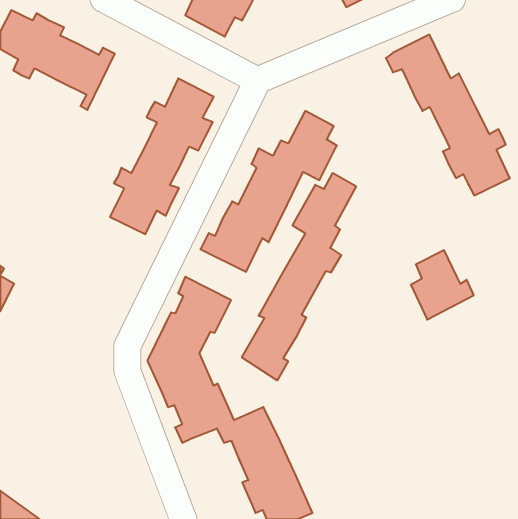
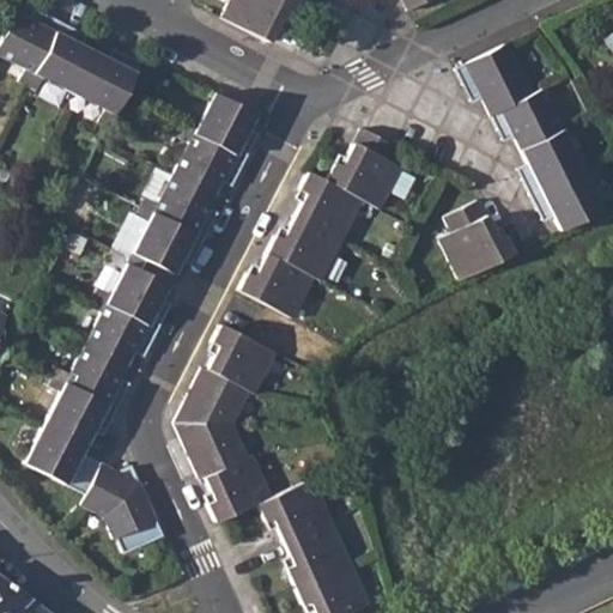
building: [242,173,356,380] -> none
building: none -> [14,268,168,554]
building: [411,250,474,320] -> [438,201,512,283]

